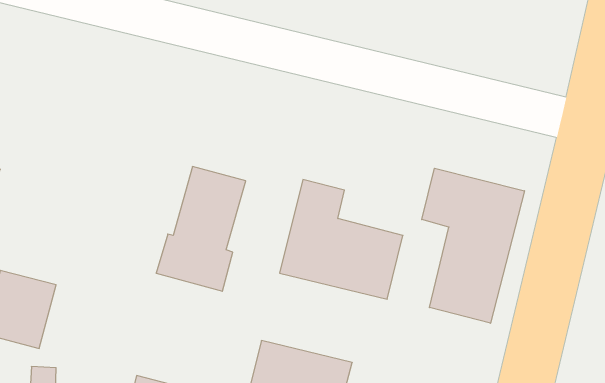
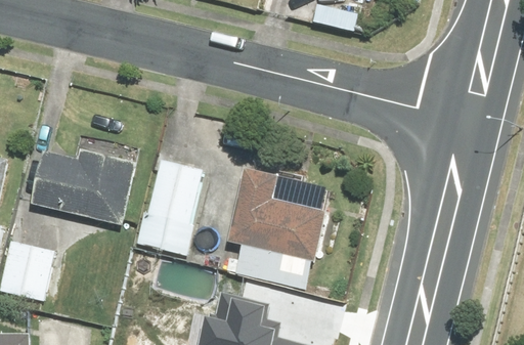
building: none -> [31,148,136,225]
building: [422,168,524,323] -> none

